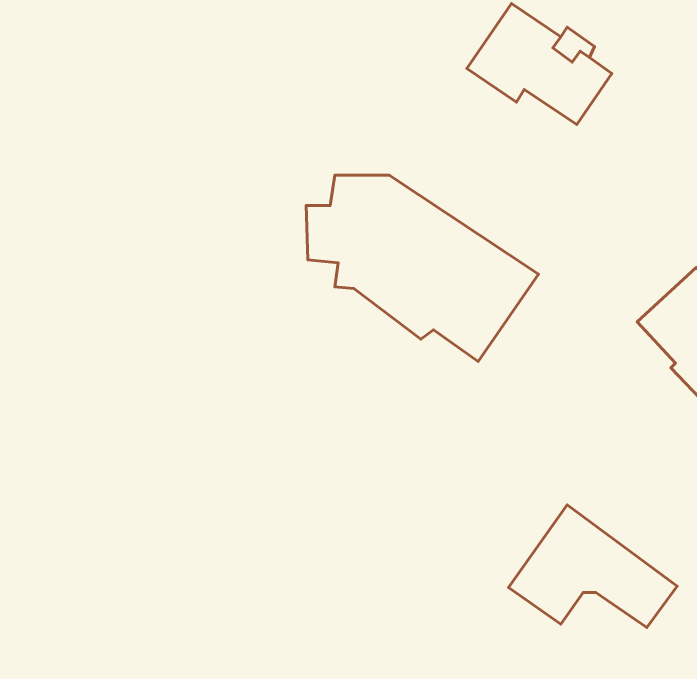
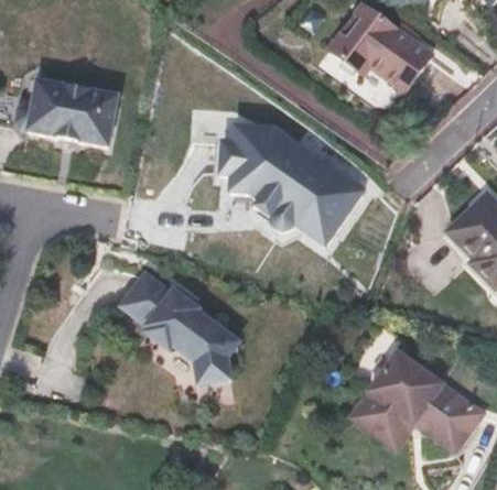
building: none -> [14,81,117,149]
building: none -> [127,271,252,386]
building: none -> [350,409,482,453]

